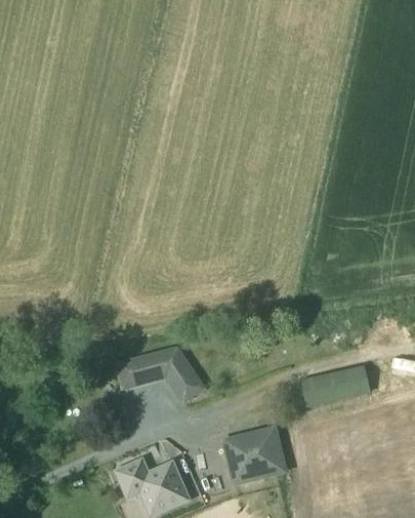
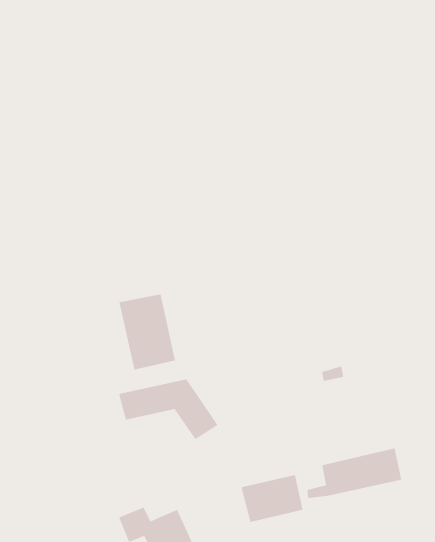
building: none -> [119,293,176,371]
building: [287,364,371,409] -> [306,447,402,499]

